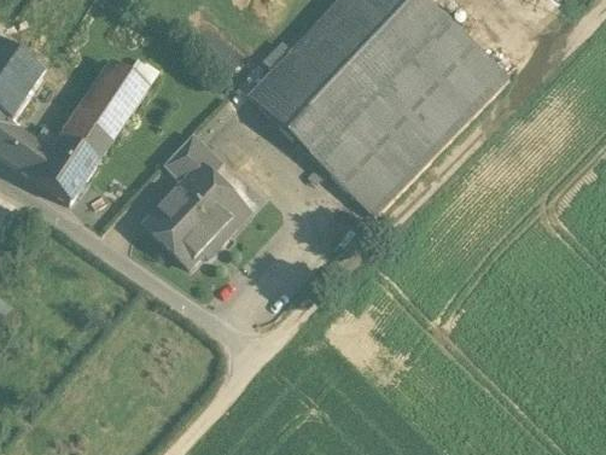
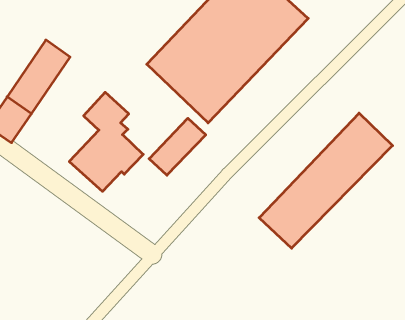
building: [331,31,509,212] -> [259,113,393,248]
building: none -> [149,118,206,175]

